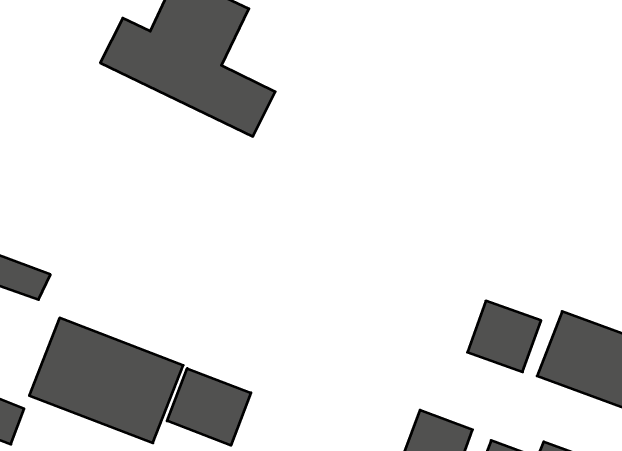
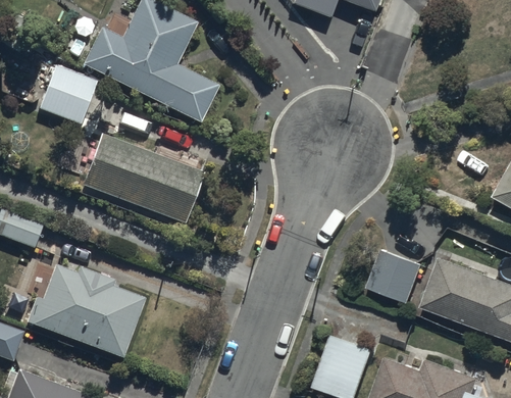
building: none -> [38,65,98,126]
building: none -> [81,134,204,223]
building: [167,368,251,445] -> none

